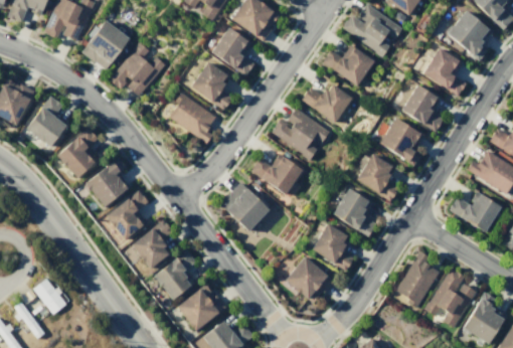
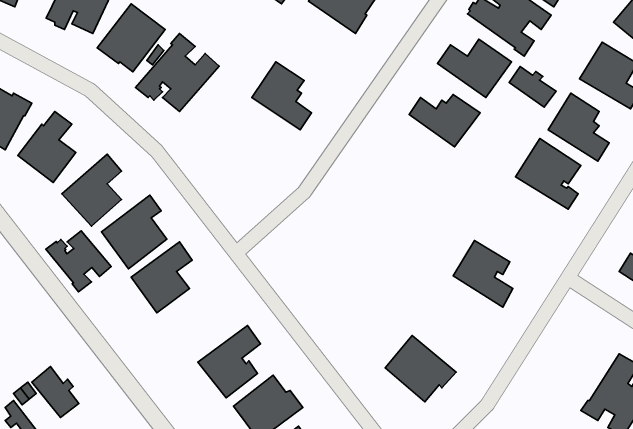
building: [211,26,254,75] -> none
building: none -> [509,67,556,107]
building: [169,92,216,142] -> none
building: [272,108,331,160] -> none
building: [251,153,303,195] -> none
building: [355,153,398,201] -> none
building: none -> [46,231,111,292]
building: [219,183,269,230] -> none
building: [131,218,173,268] -> none
building: [311,222,354,270] -> none
building: [395,250,440,308] -> none

